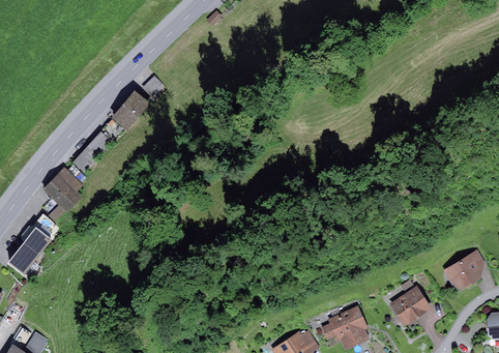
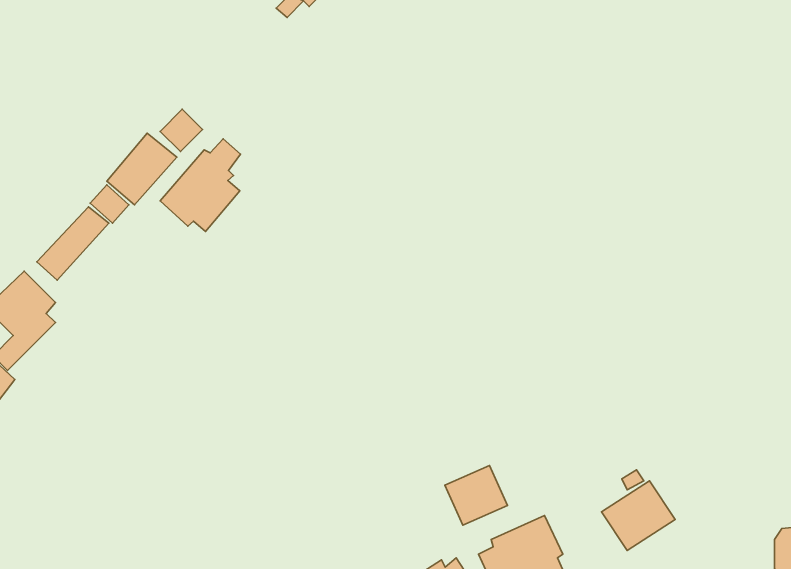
building: none -> [160,139,240,231]
building: [442,249,485,290] -> none
building: none -> [445,465,507,525]

